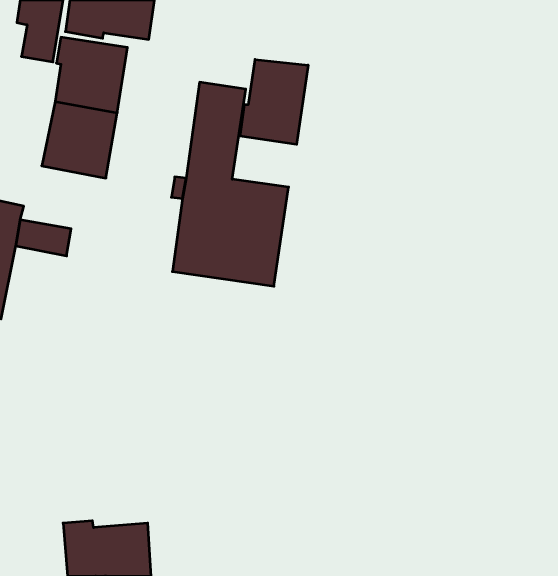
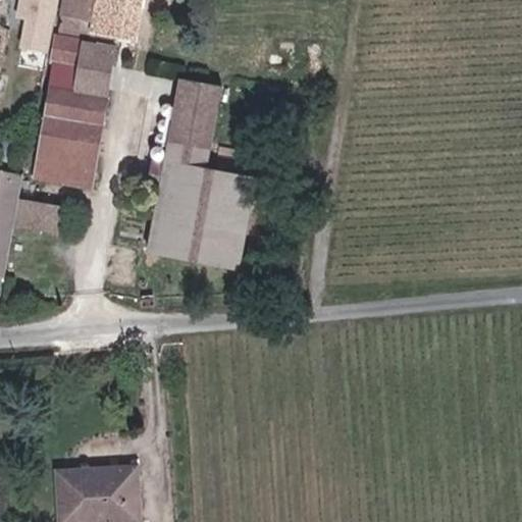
building: [240,59,308,144] -> none
building: none -> [34,150,96,187]

